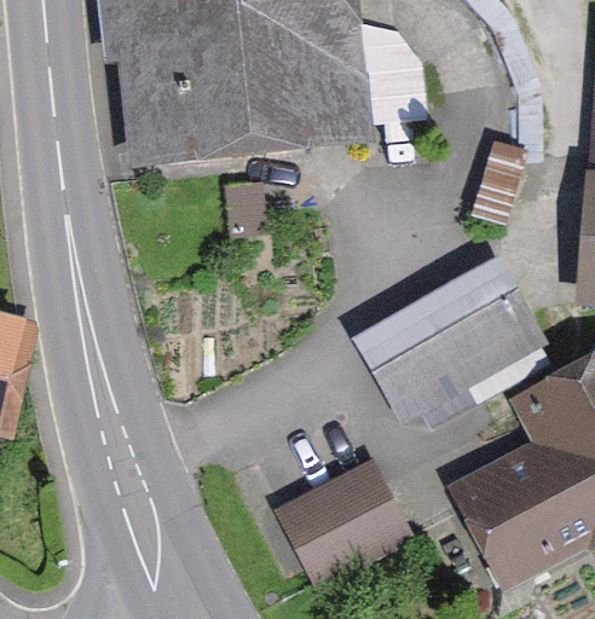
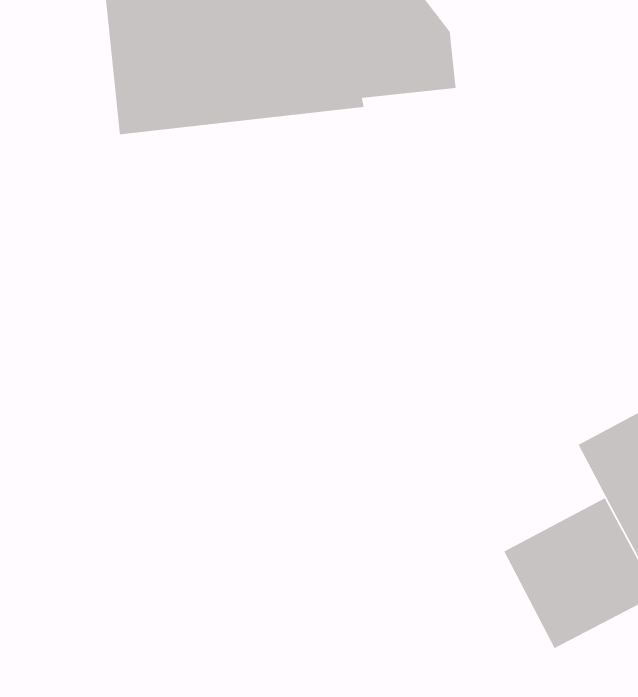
building: [369,296,524,417] -> none
building: [272,470,392,582] -> none

